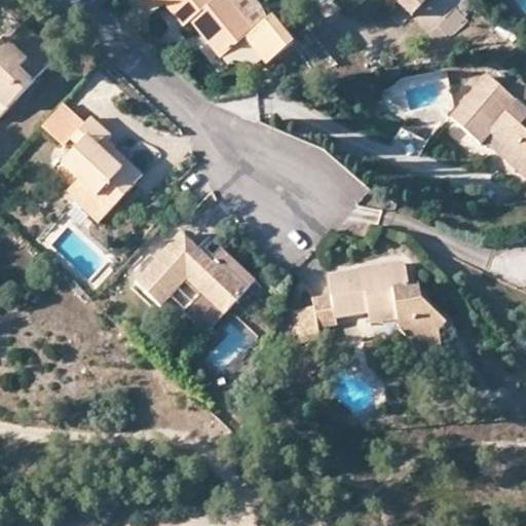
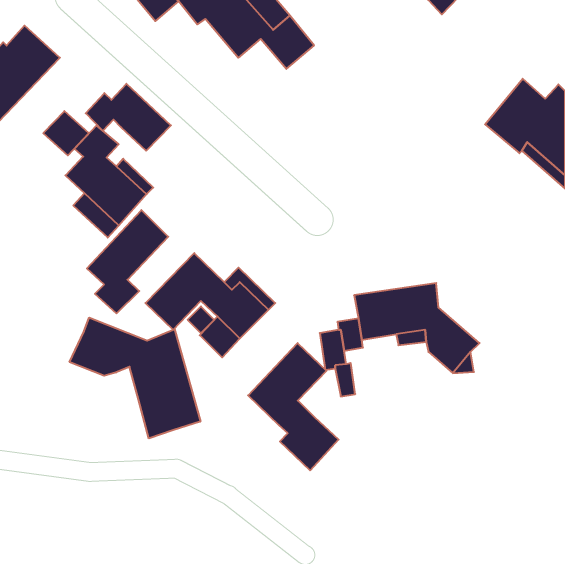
building: none -> [86,84,171,151]
building: none -> [87,210,168,313]
building: none -> [70,318,200,438]
building: none -> [248,343,339,470]

